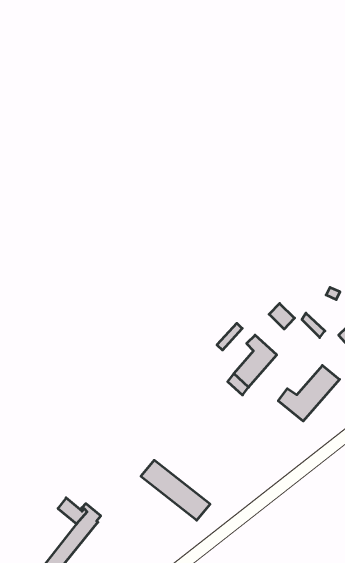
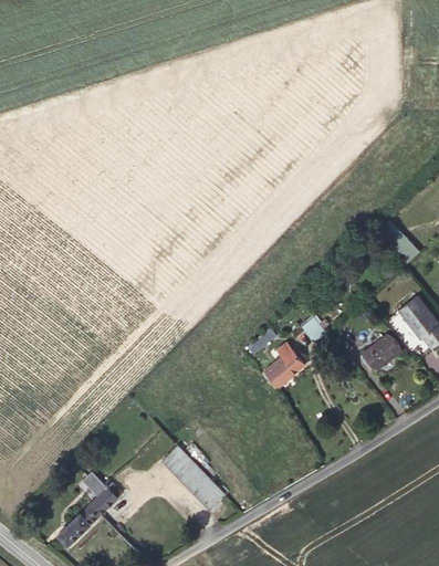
building: [278,365,340,421] -> none

